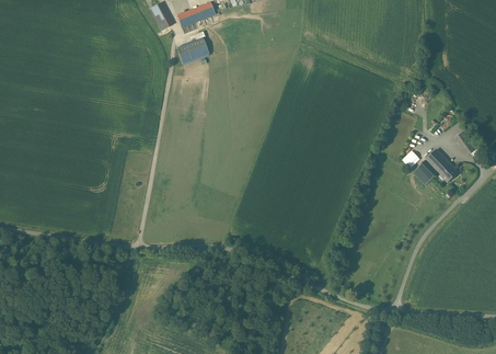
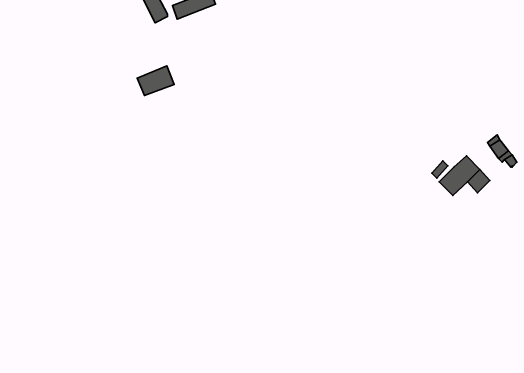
building: [176,36,209,62] -> [137,66,174,96]

